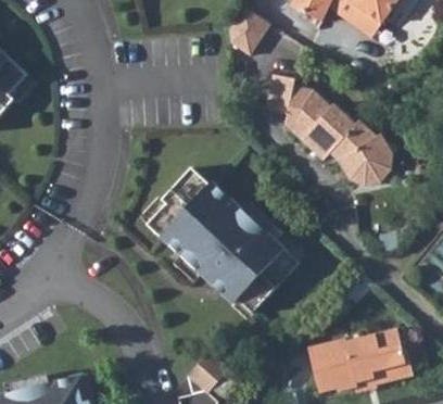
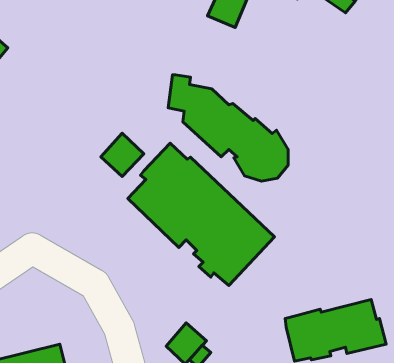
building: [268,77,391,186] -> [168,75,288,181]
building: none -> [101,133,144,176]

